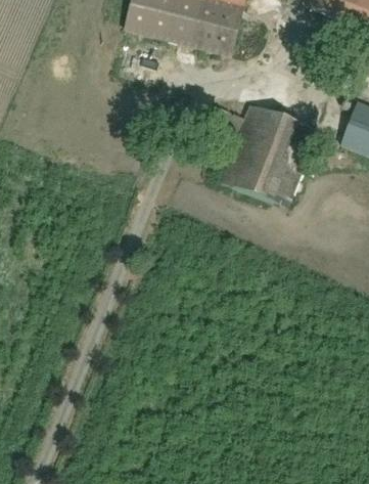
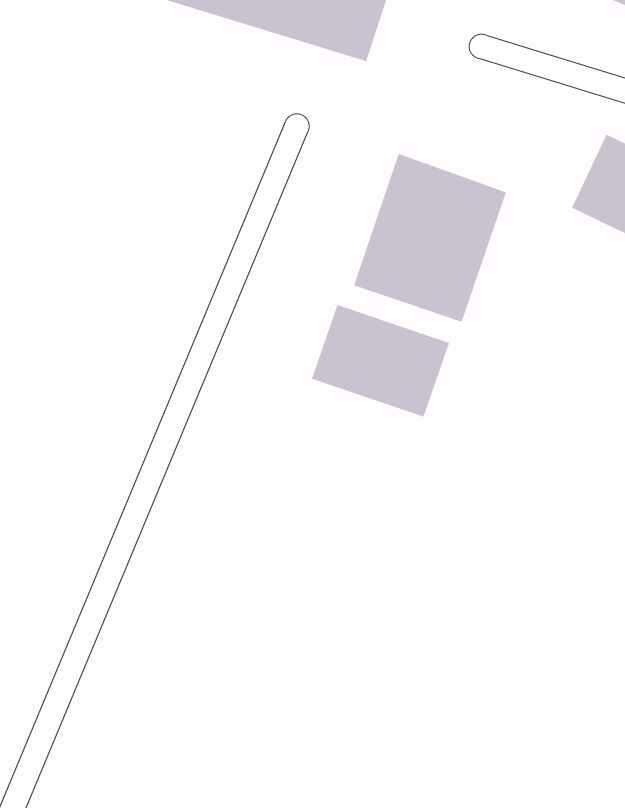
building: none -> [311,304,450,418]

